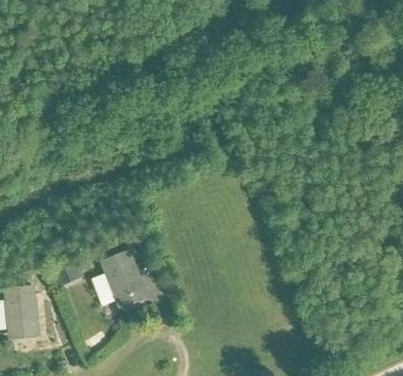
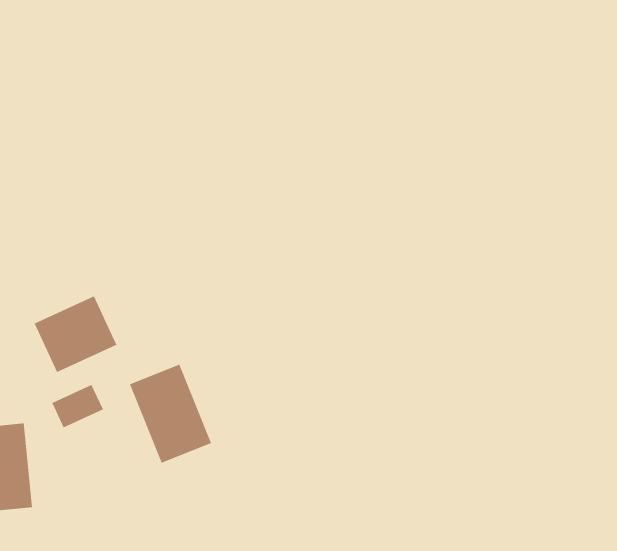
building: none -> [34,296,117,373]

